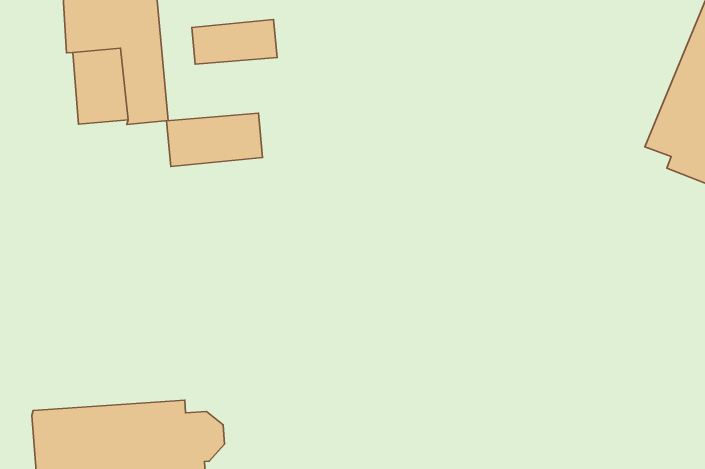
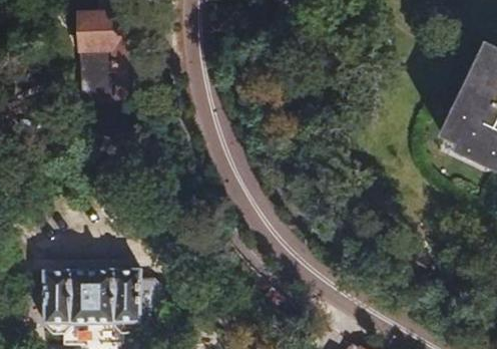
building: [192,20,277,64] -> none
building: [167,113,263,166] -> none

